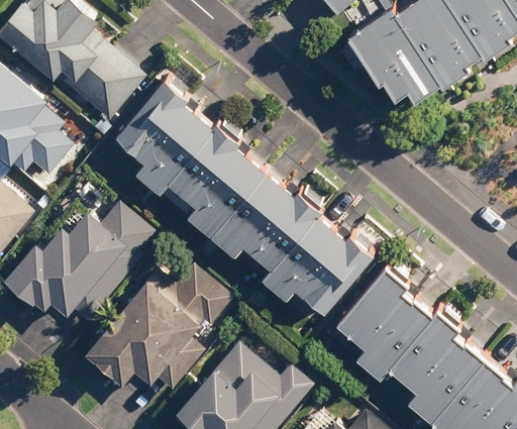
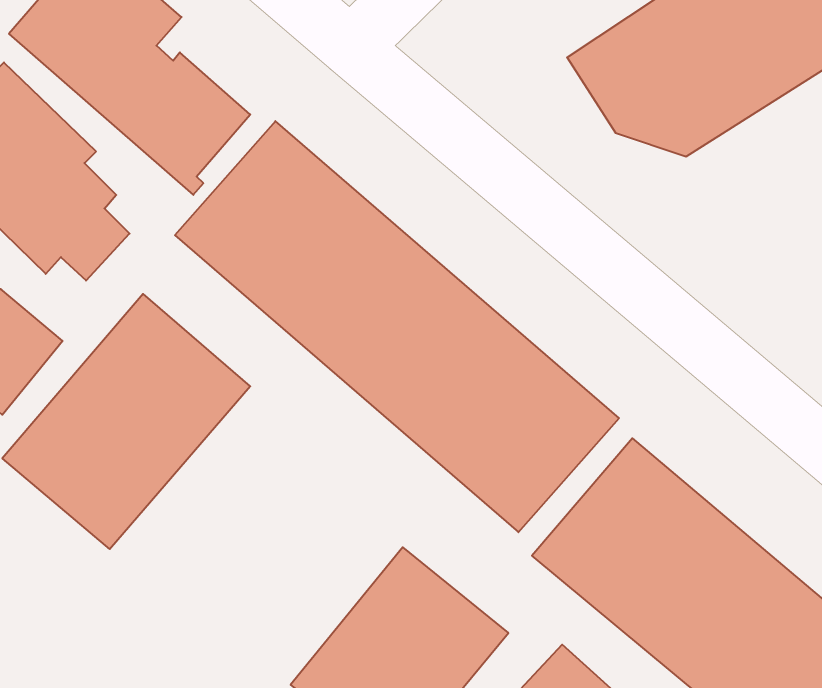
building: [84,256,233,413] -> none

